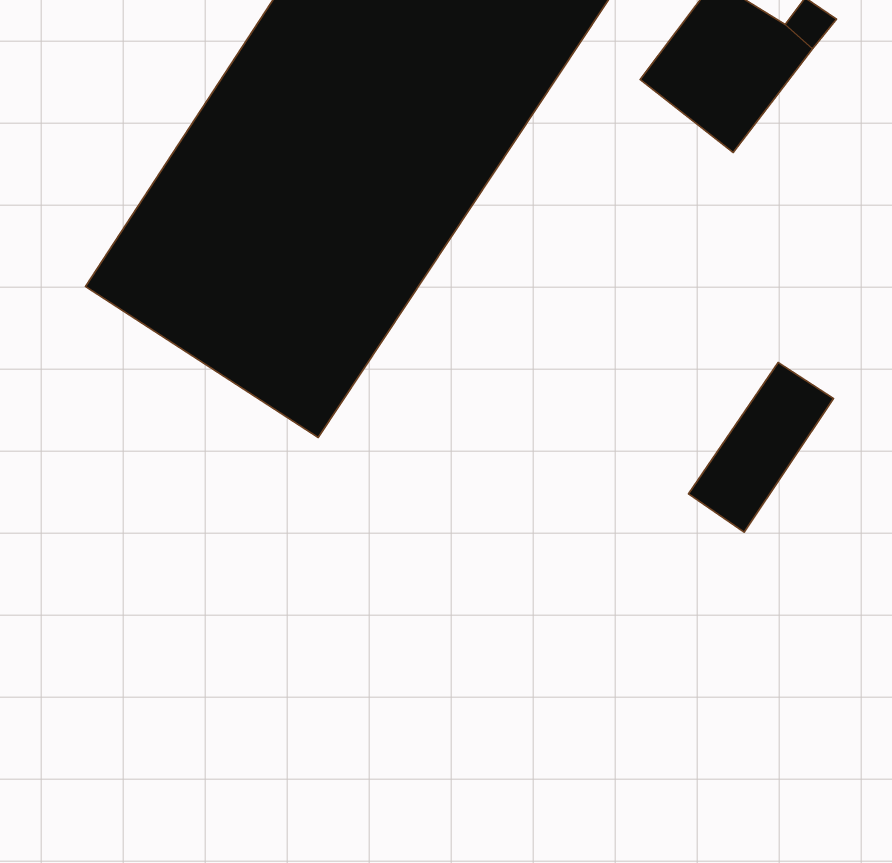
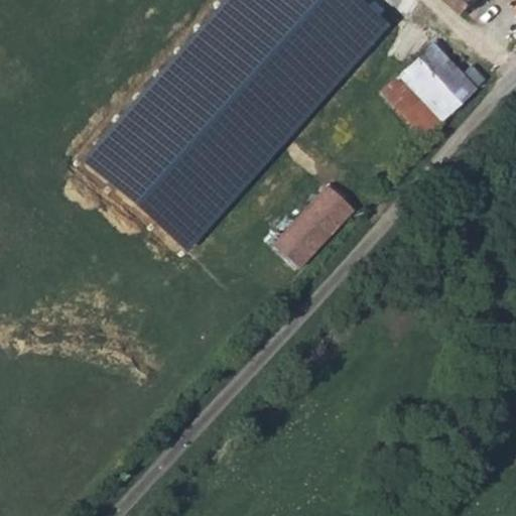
building: [689,362,834,532] -> [275,182,355,265]

